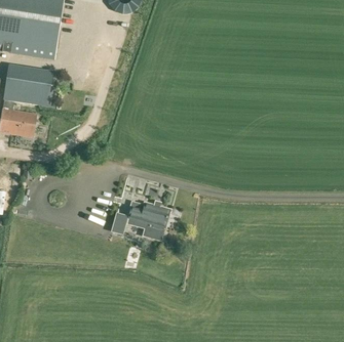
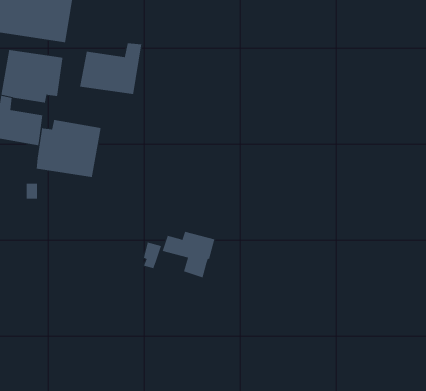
building: none -> [80,42,142,95]
building: none -> [36,119,101,178]

